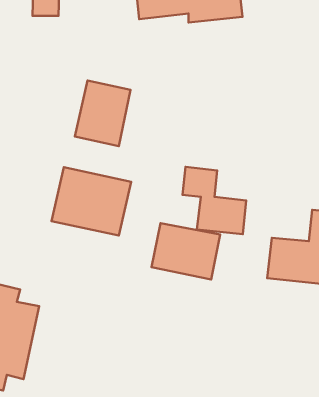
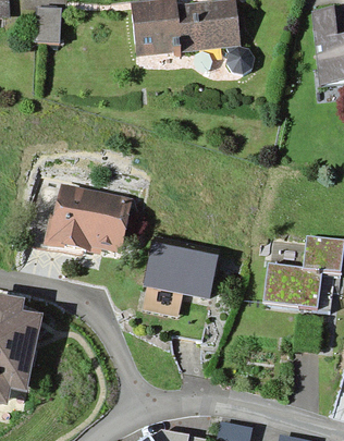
building: [75,81,130,146] -> none
building: [182,167,246,234] -> none

